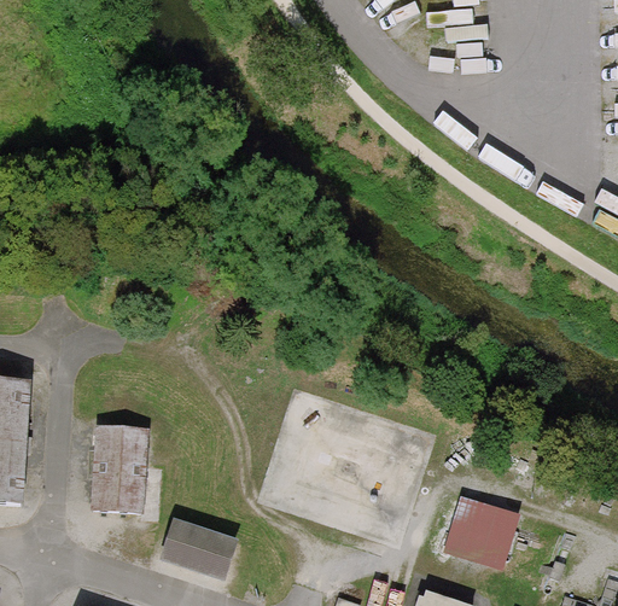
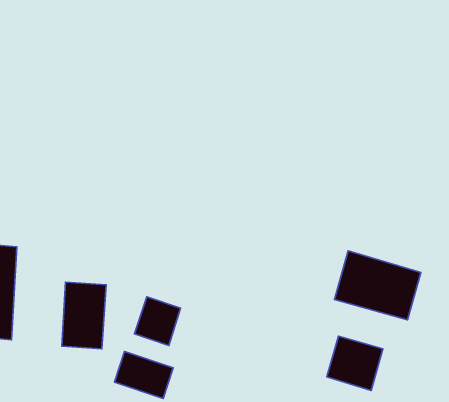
building: none -> [334,251,421,320]
building: none -> [134,297,181,345]

